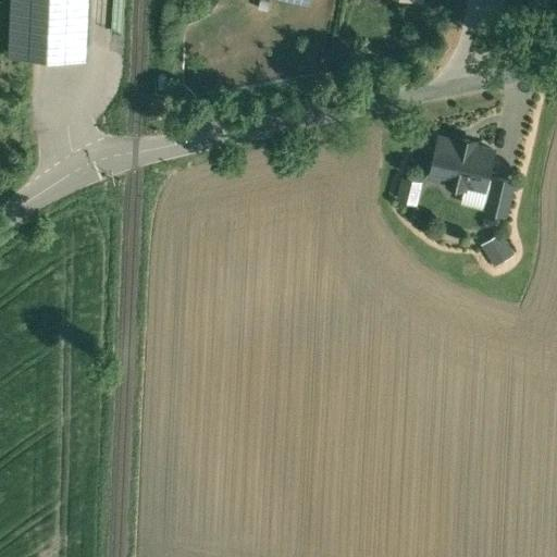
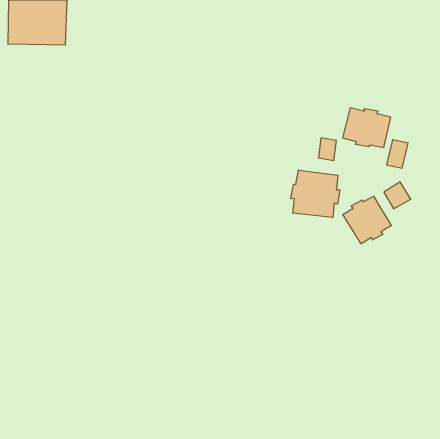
building: none -> [291,170,340,218]
building: none -> [343,196,391,244]

